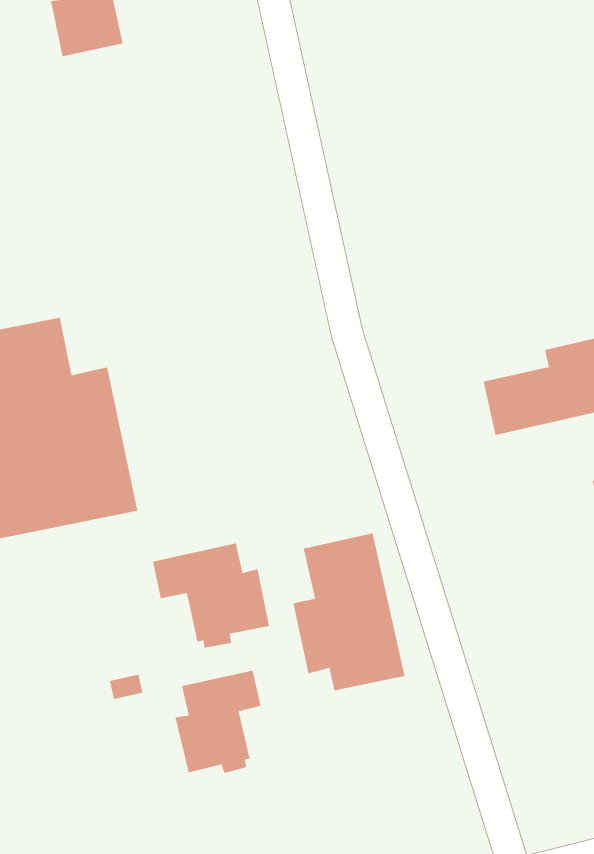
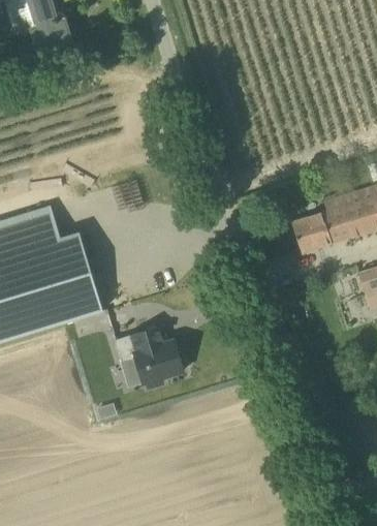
building: [293,532,405,691] -> none
building: [175,670,261,774] -> none

